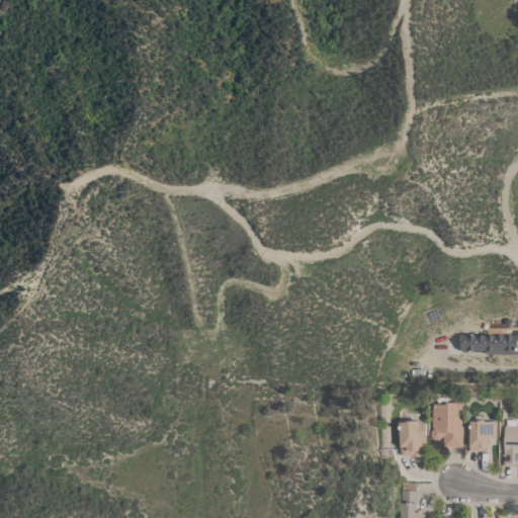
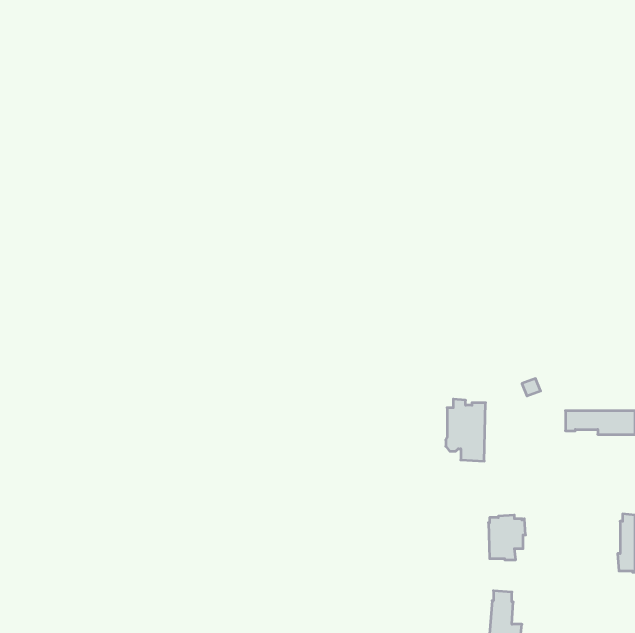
building: [431,398,463,448] -> [446,399,486,461]
building: [469,420,497,451] -> none

